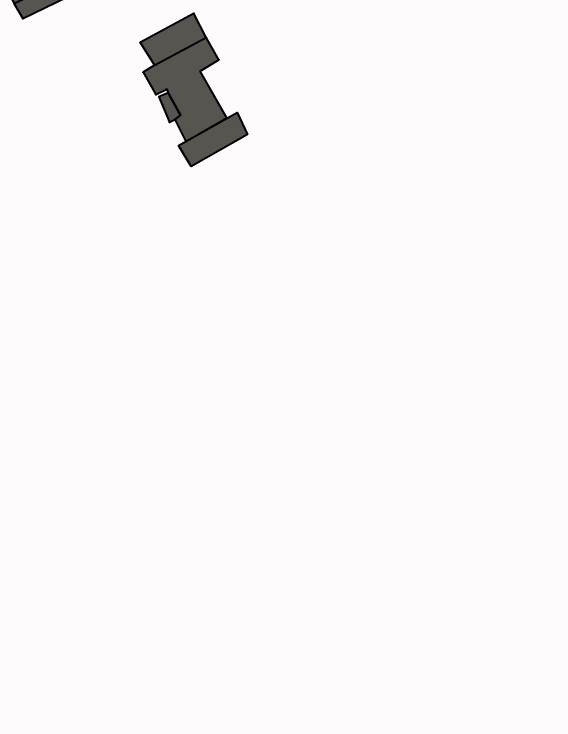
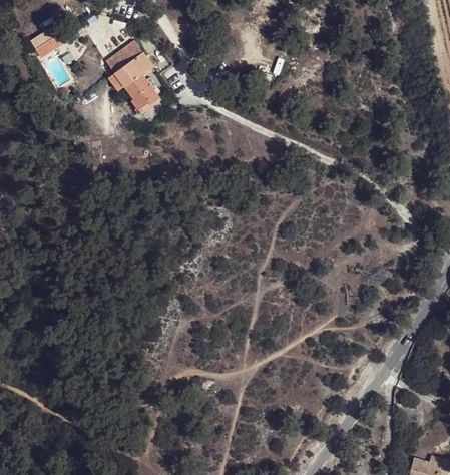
building: [179,113,247,166] -> none

